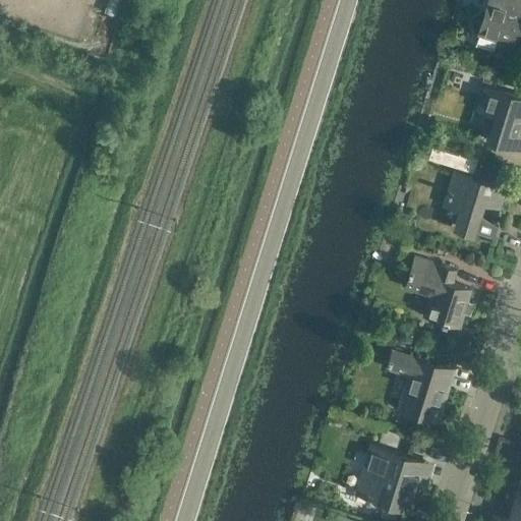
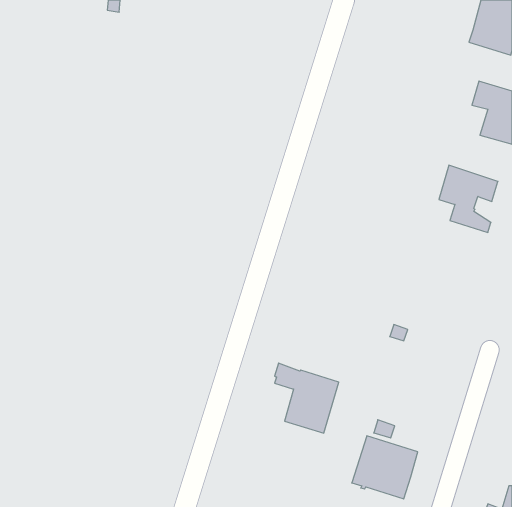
building: [404,258,472,331] -> none
building: [389,352,454,423] -> [275,363,339,433]

